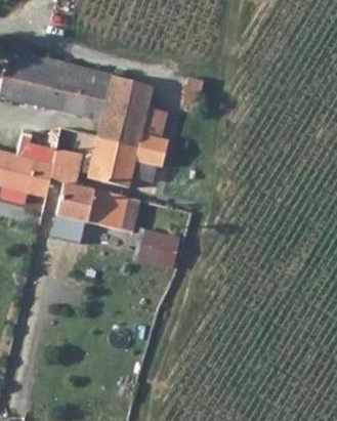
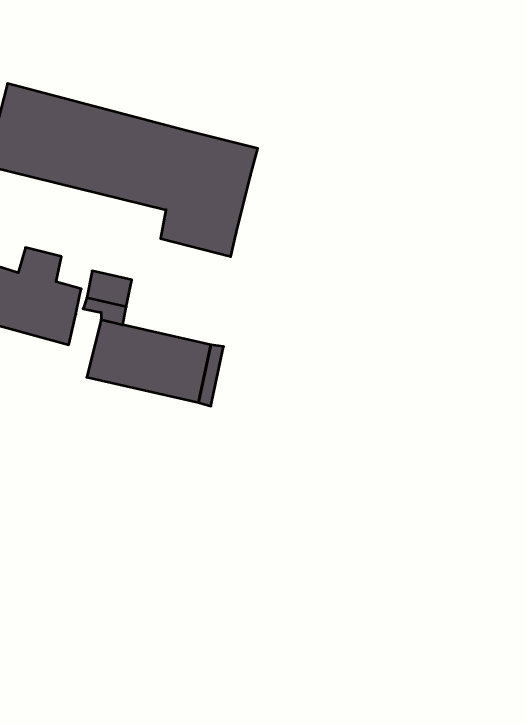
building: [87,133,169,186] -> none
building: [137,228,179,267] -> none

